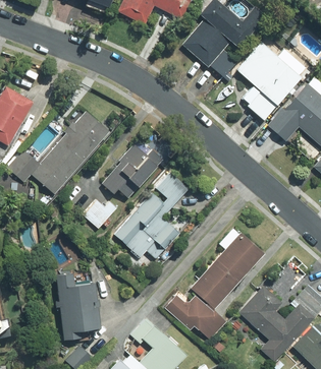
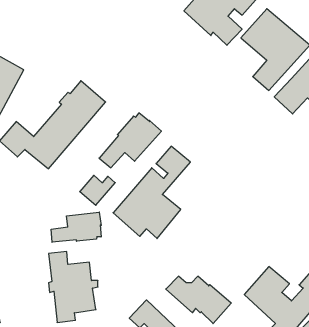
building: [191,233,264,310] -> none
building: none -> [51,212,101,242]

